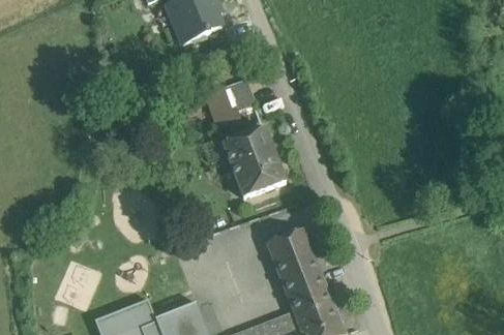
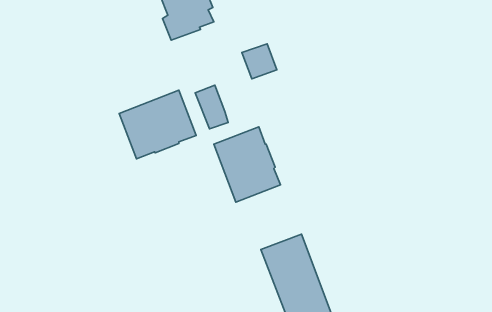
building: [224,78,257,111] -> [242,44,277,79]
building: none -> [119,90,196,159]

